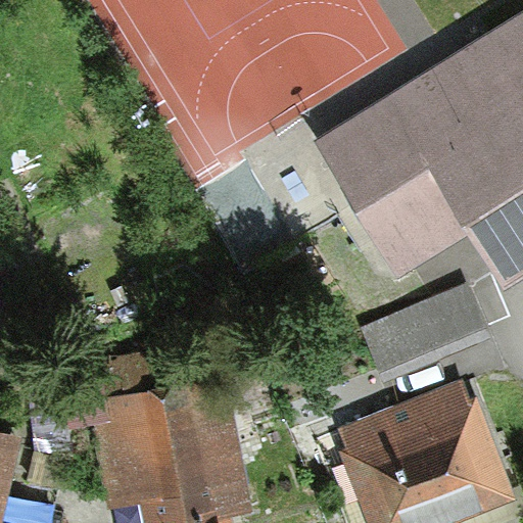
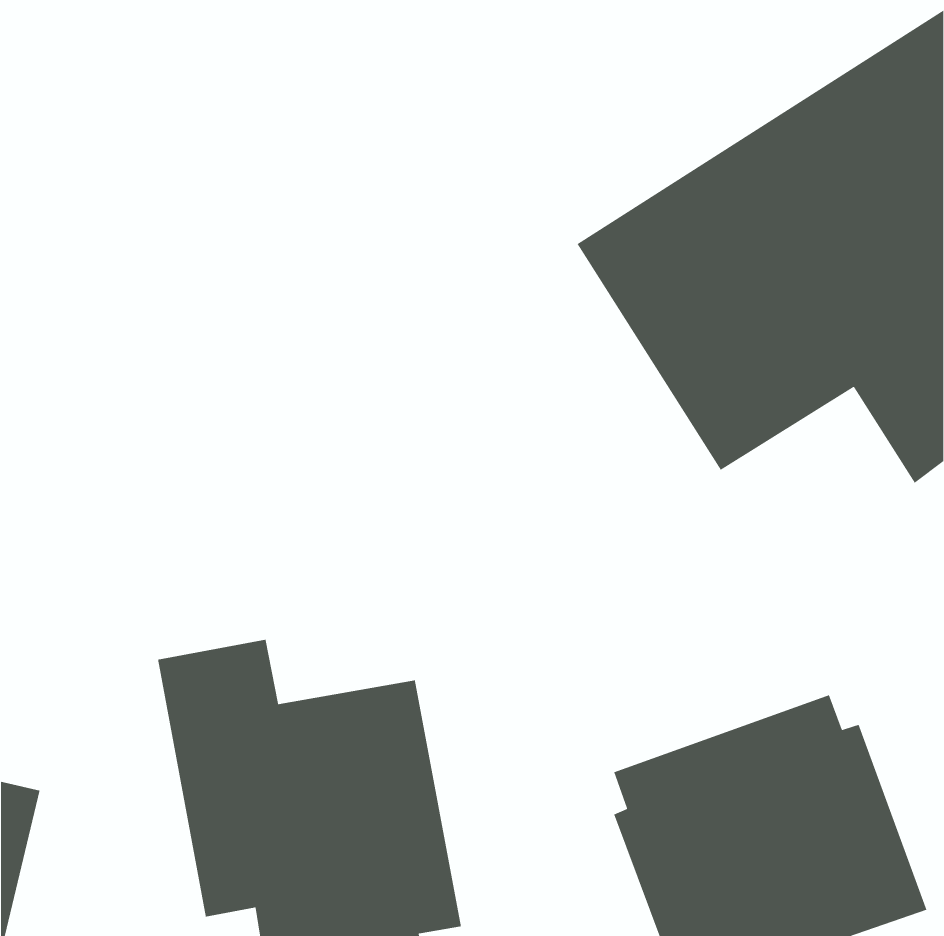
building: [359,286,484,373] -> none

